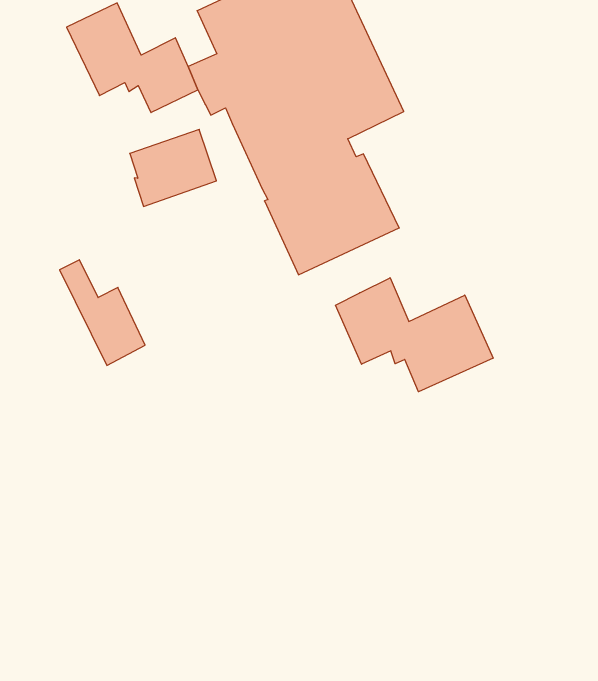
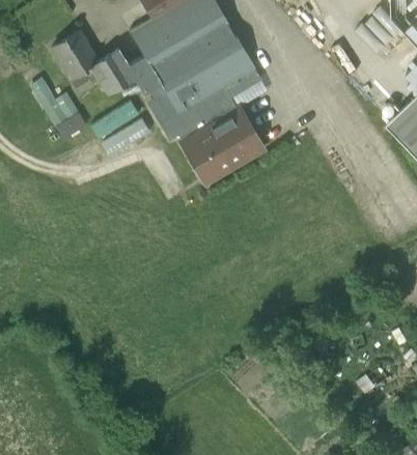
building: [60,260,145,365] -> [30,79,86,141]
building: [336,278,493,392] -> none

